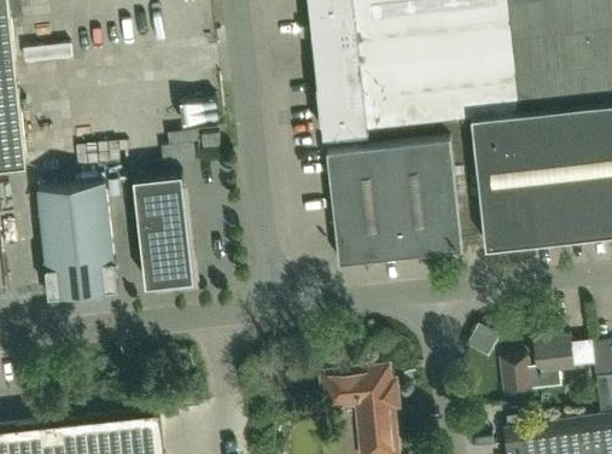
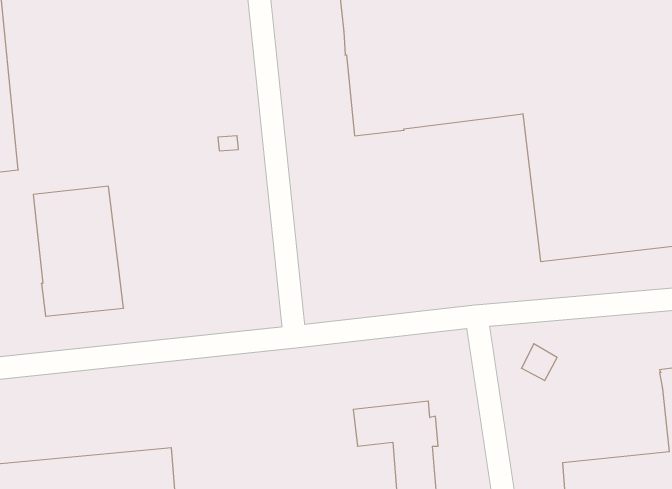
building: [327,140,462,266] -> none
building: [134,174,194,286] -> none
building: [501,337,594,396] -> none

